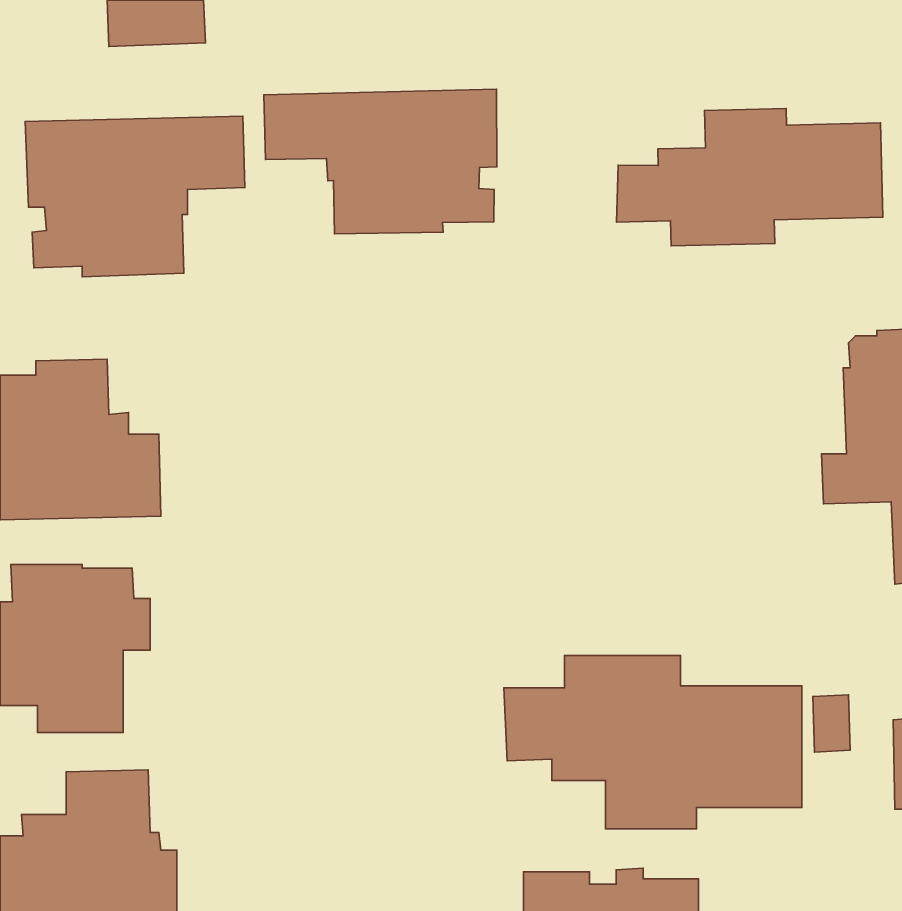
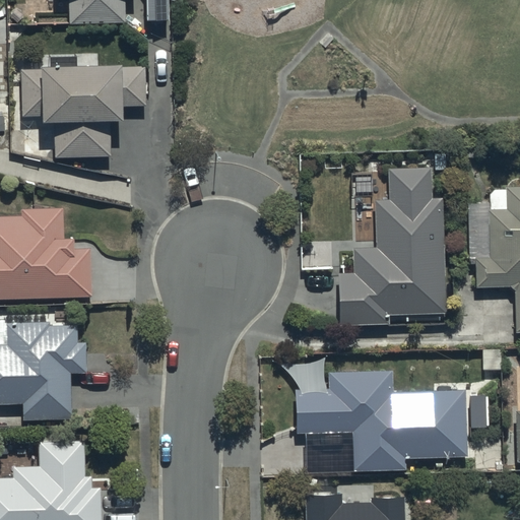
building: [264,89,497,234] -> none
building: [616,108,883,246] -> none
building: none -> [335,169,443,326]

